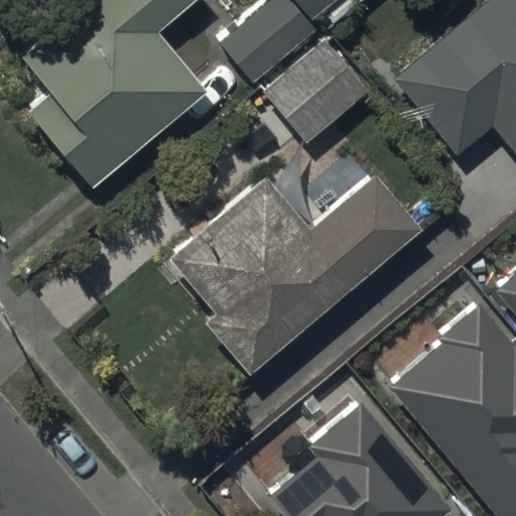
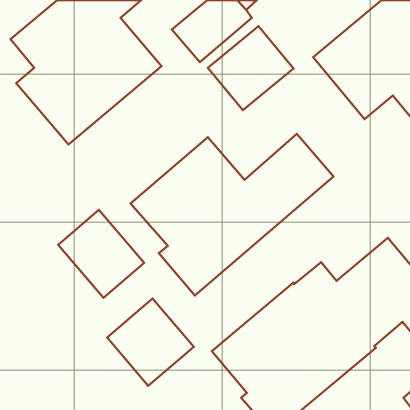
building: none -> [58,210,144,298]
building: none -> [107,299,194,386]

